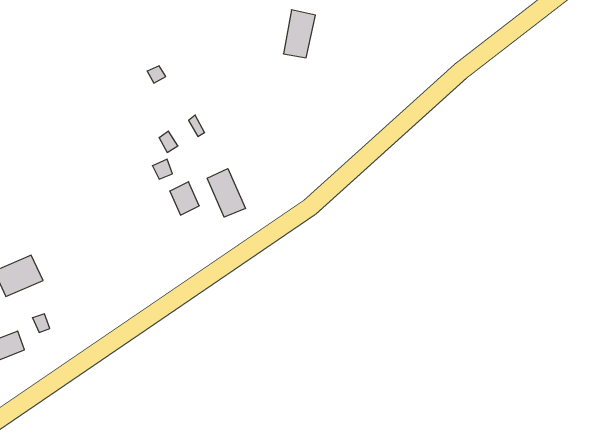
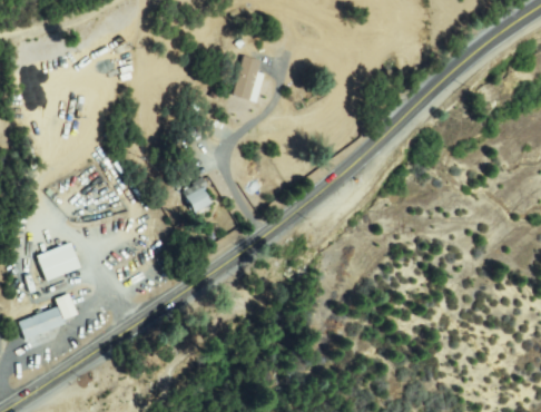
building: [283,10,315,58] -> [234,57,260,97]
building: [207,169,245,217] -> none

